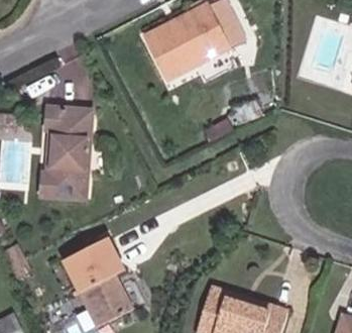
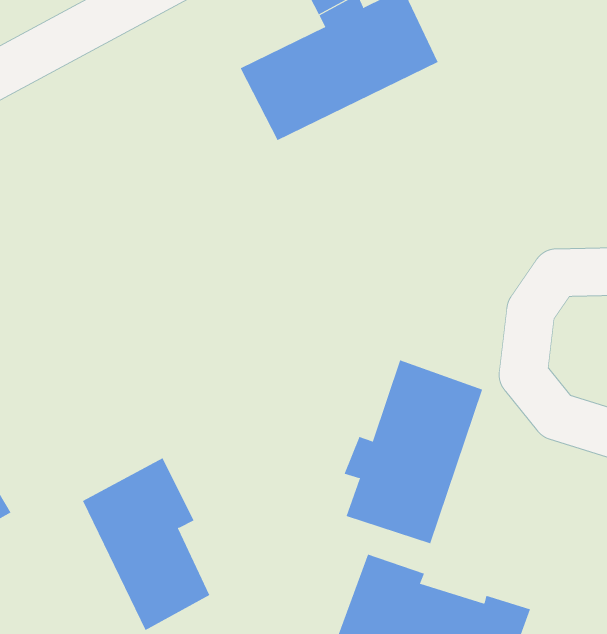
building: [35,106,91,197] -> none
building: none -> [344,360,483,544]

